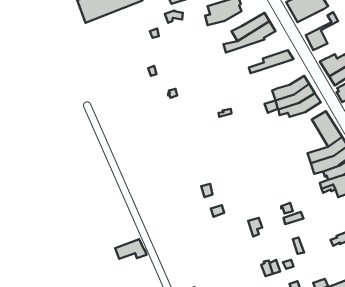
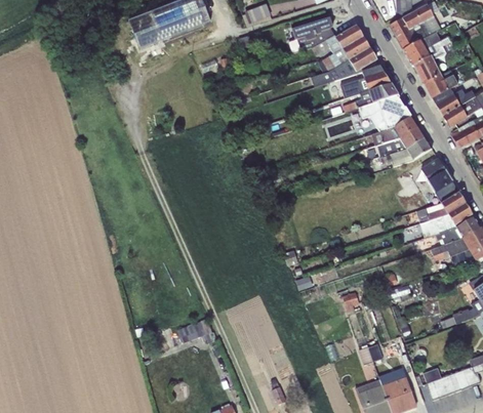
building: none -> [312,26,362,54]
building: none -> [403,32,445,65]
building: none -> [340,66,391,97]
building: none -> [422,70,457,98]
building: none -> [358,94,411,130]

